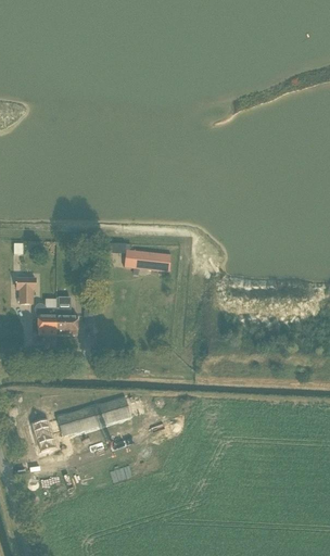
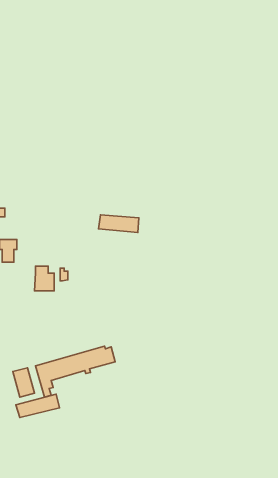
building: [33,302,55,333] -> none
building: none -> [16,394,59,418]

